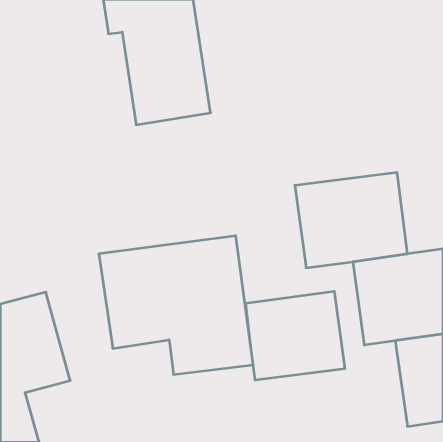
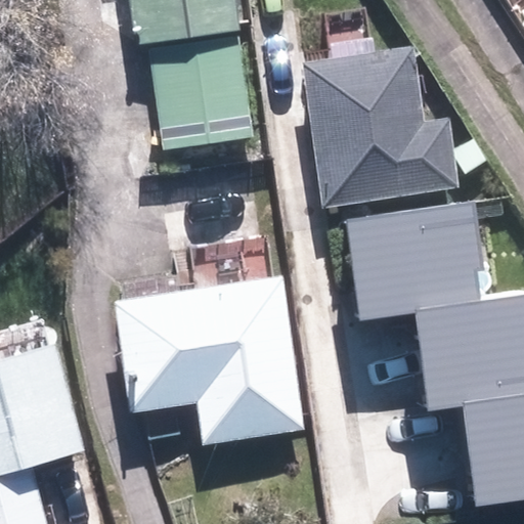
building: none -> [303,47,458,207]
building: [246,291,345,380] -> none

